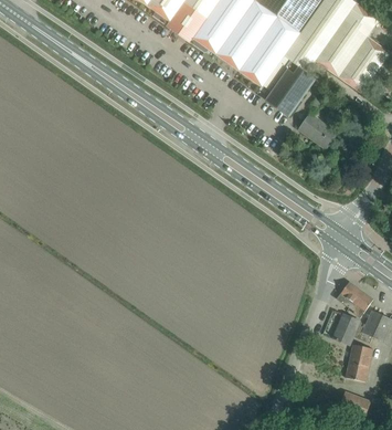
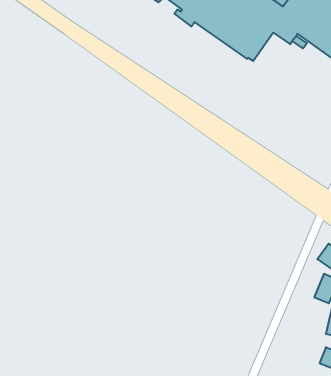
building: [268,59,314,111] -> none
building: [298,113,336,148] -> none

